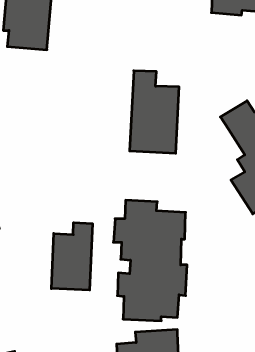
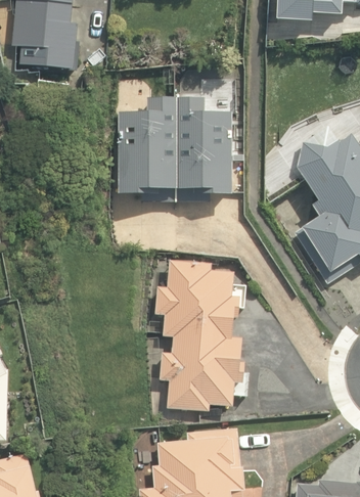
building: none -> [114,95,179,198]
building: [51,223,92,290] -> none

